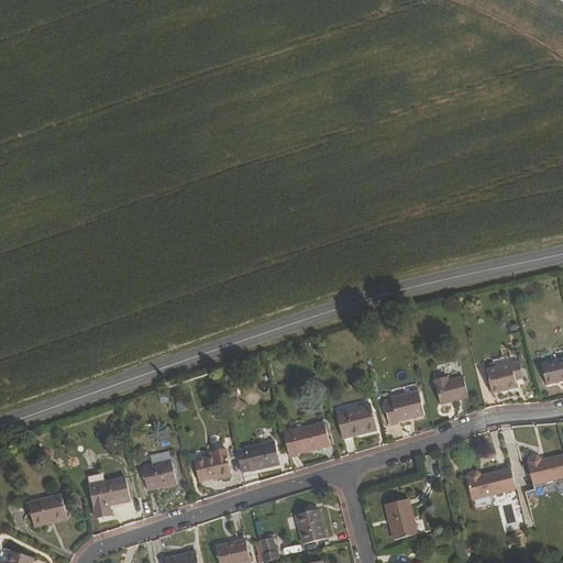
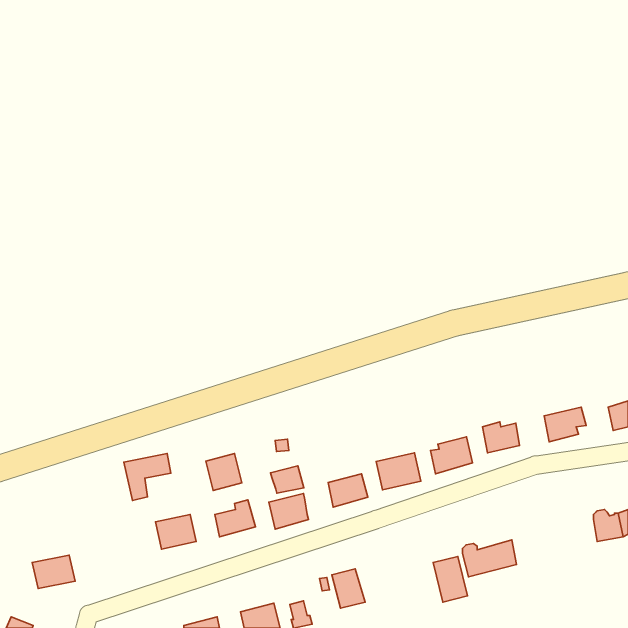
building: none -> [206,453,242,491]
building: none -> [270,466,304,493]
building: [466,468,515,501] -> [462,540,517,577]
building: [87,477,129,519] -> [124,454,171,500]

